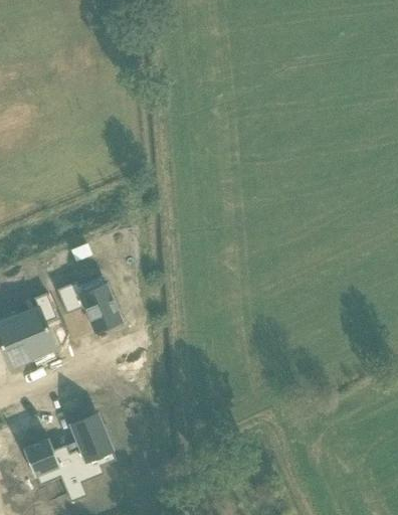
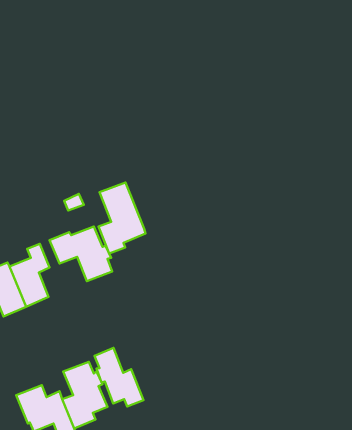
building: none -> [98,182,146,254]
building: none -> [95,348,143,407]

